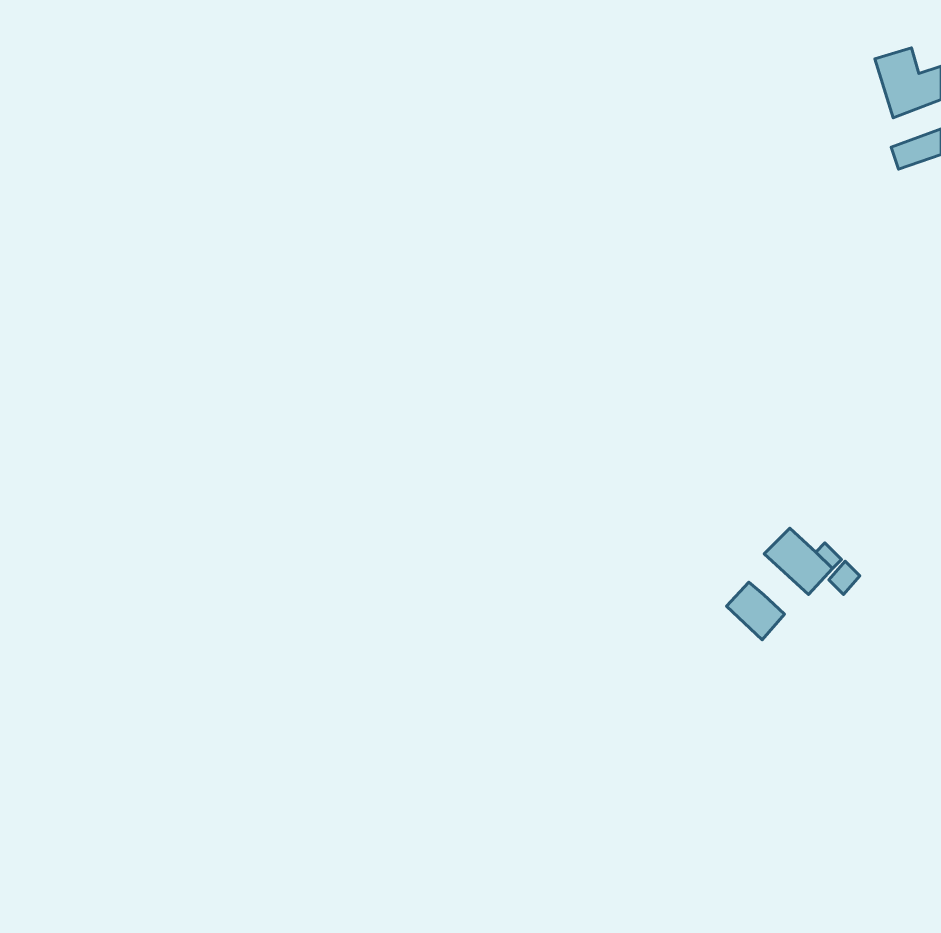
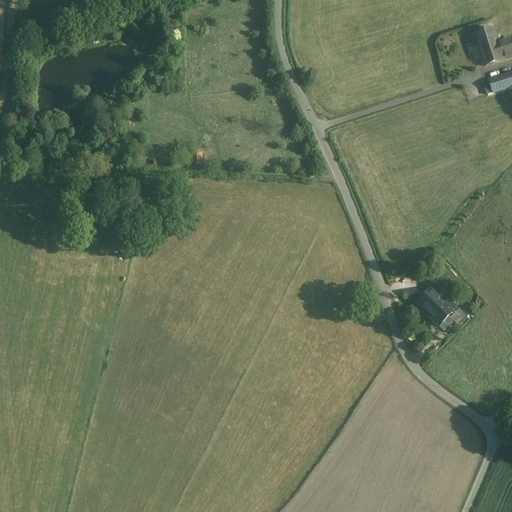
building: [726,582,785,640] -> none

